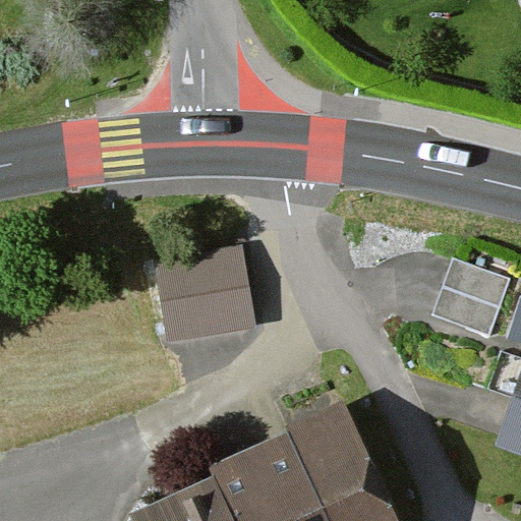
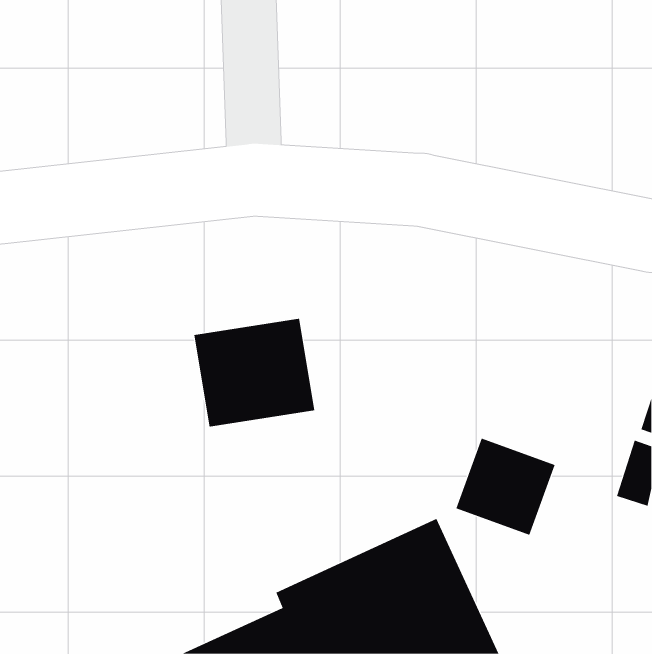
building: [430,268,510,345] -> [456,438,556,535]

